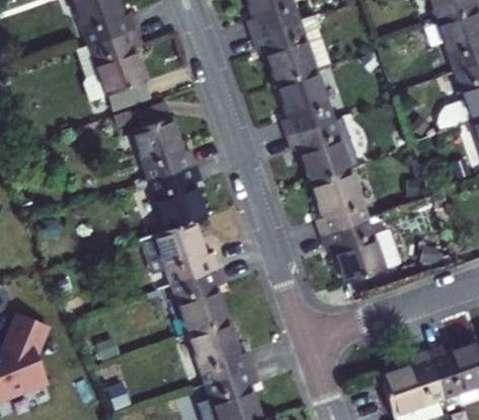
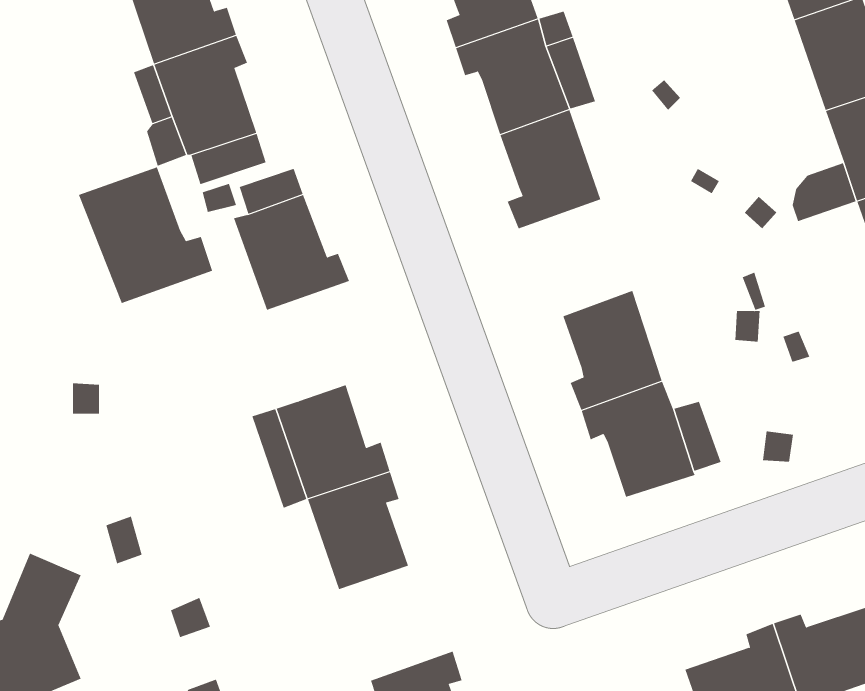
building: none -> [78,166,213,304]
building: [288,120,350,184] -> none
building: [150,164,206,230] -> none
building: [189,321,252,383] -> none

